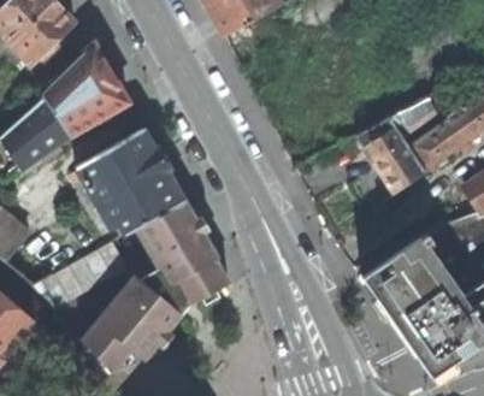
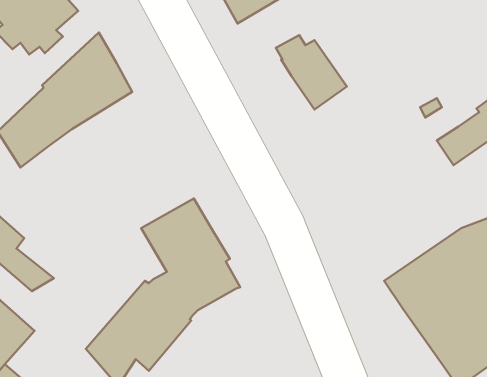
building: [359,123,425,193] -> [276,35,347,110]
building: [75,129,184,234] -> none
building: [33,241,129,309] -> none

